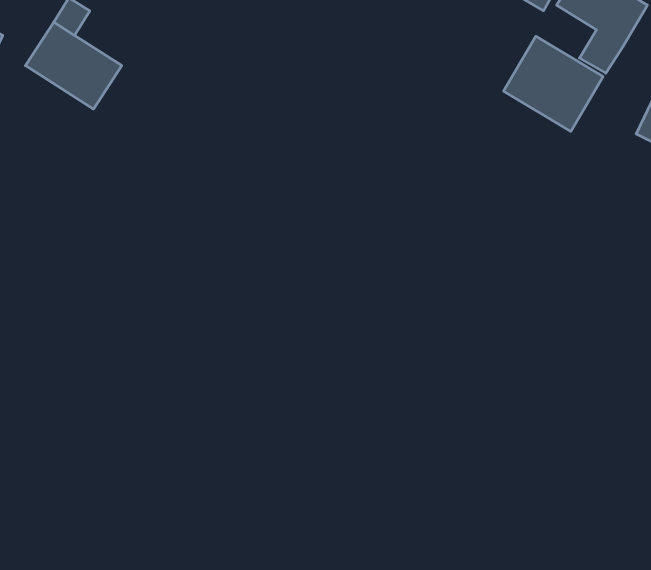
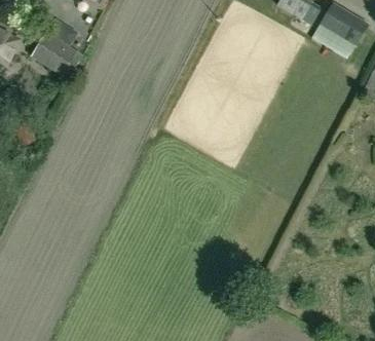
building: [504,36,603,131] -> none

